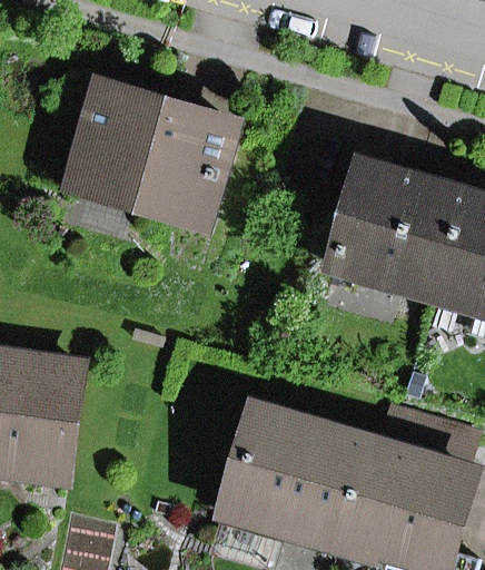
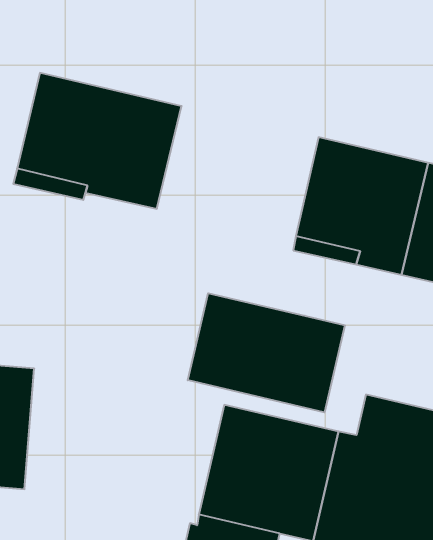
building: none -> [188,293,345,412]

